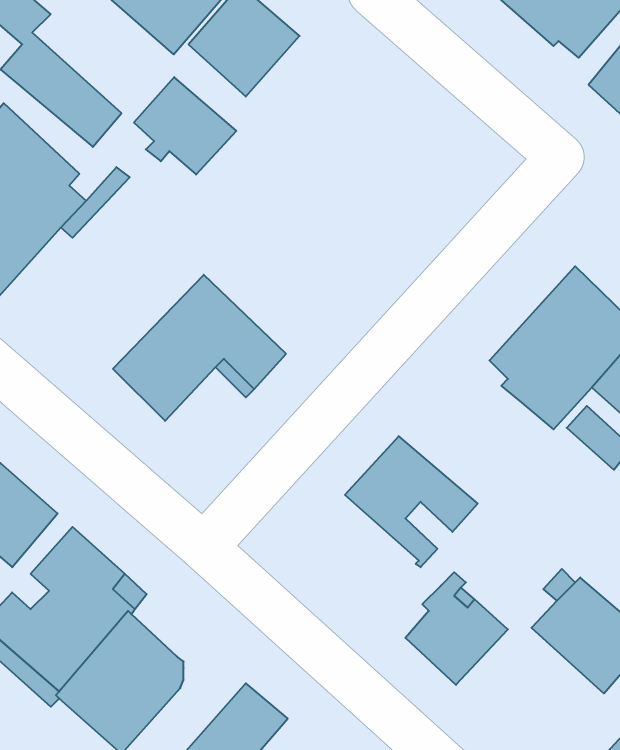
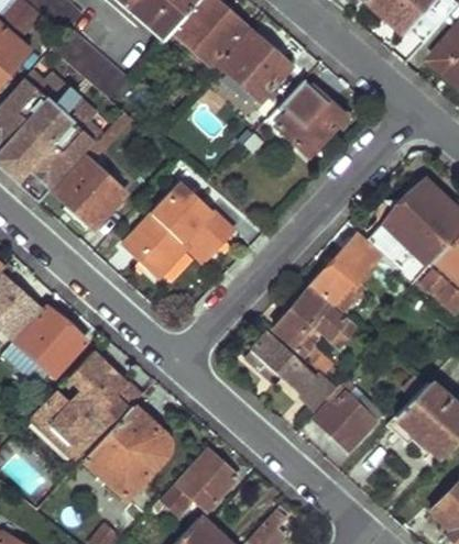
building: [134,77,236,175] -> [219,34,286,98]
building: none -> [276,89,341,155]
building: none -> [56,159,124,226]
building: none -> [313,231,390,310]
building: none -> [245,329,337,410]

